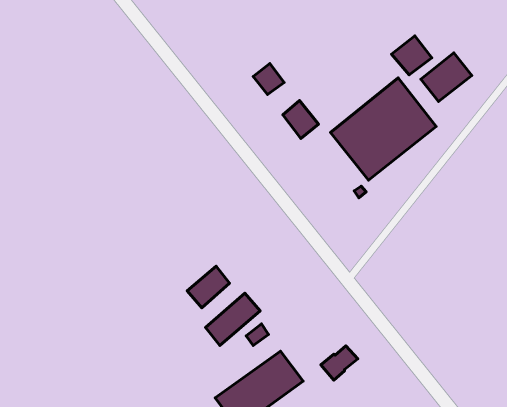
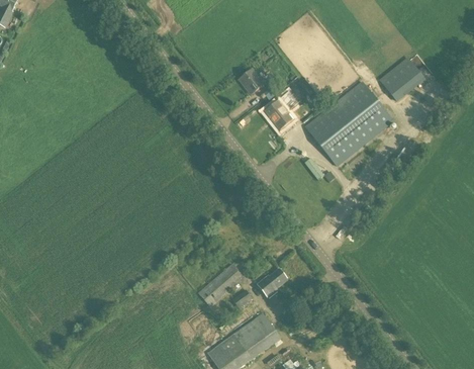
building: [391,36,432,75] -> none
building: [187,266,229,308] -> none
building: [321,346,358,380] -> [257,268,288,297]

